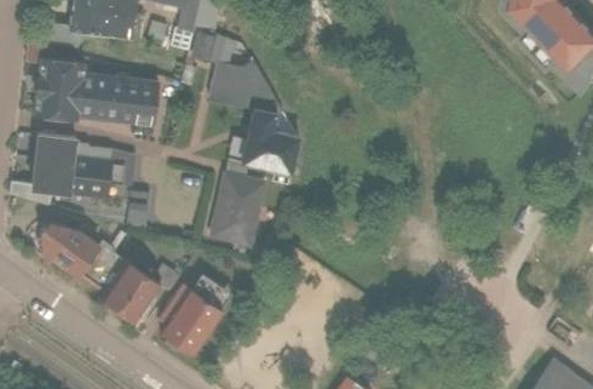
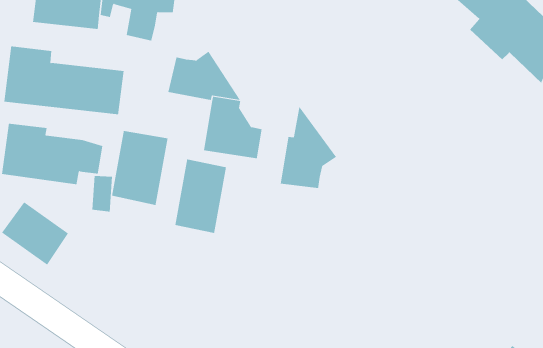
building: [186,36,229,69] -> none
building: none -> [280,106,337,189]
building: none -> [111,130,168,206]
building: [103,259,163,321] -> none
building: [165,287,229,355] -> none

